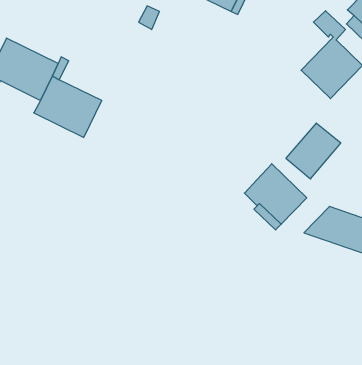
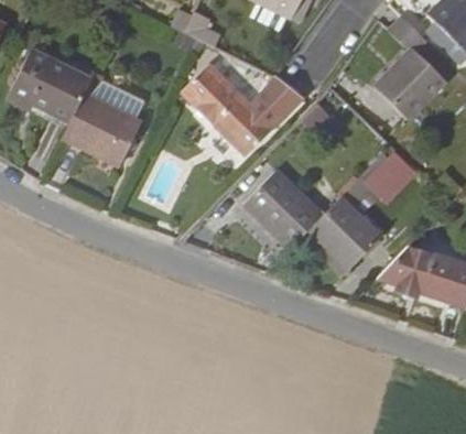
building: none -> [182,62,303,155]
building: none -> [243,170,323,249]

